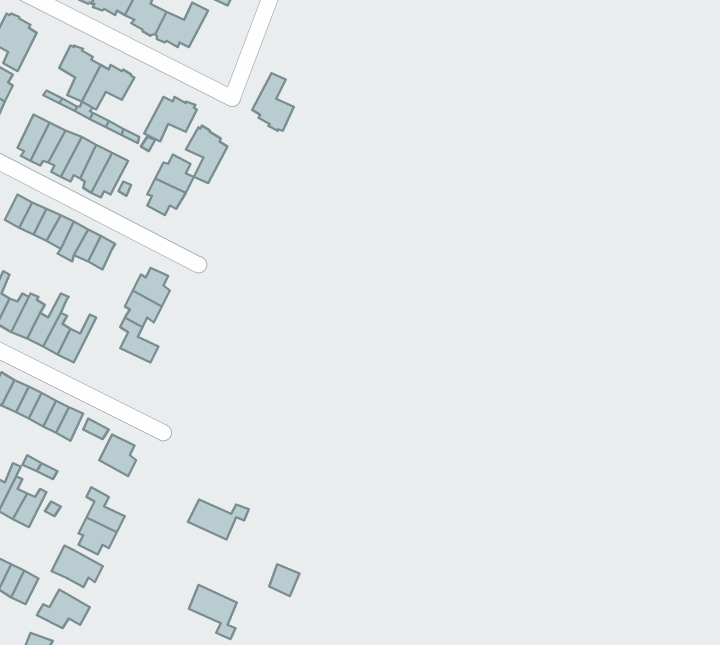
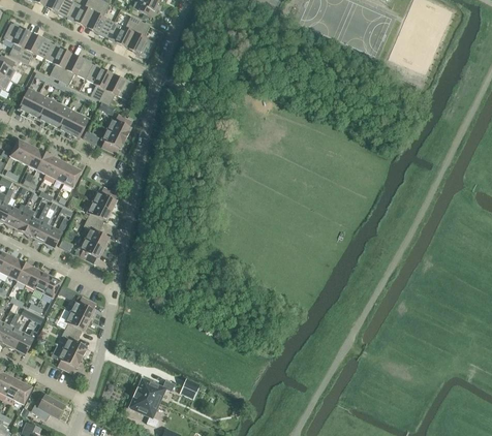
building: none -> [18,35,52,64]
building: [252,73,294,131] -> [128,21,155,58]
building: [186,126,227,183] -> [85,63,112,100]
building: none -> [73,239,103,262]
building: [188,500,249,540] -> [134,377,174,403]
building: [52,545,103,587] -> [56,308,89,335]

